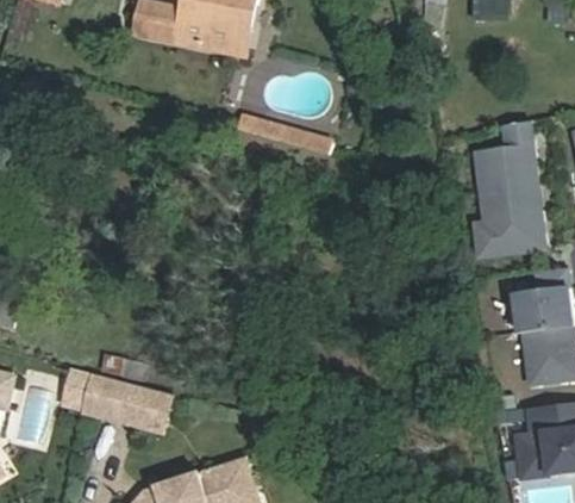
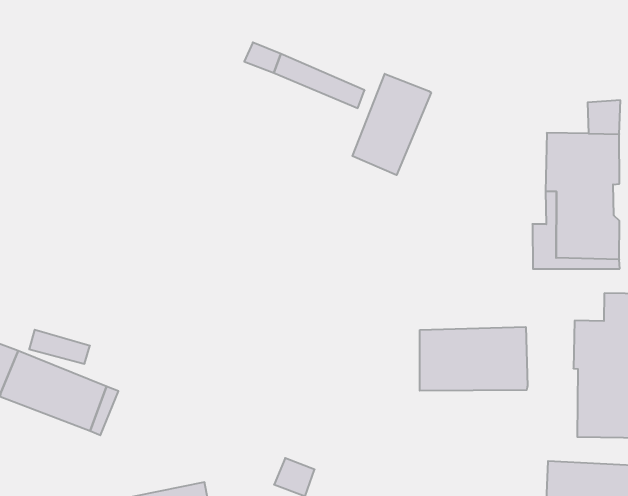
building: none -> [352,74,431,175]
building: none -> [420,327,527,391]

